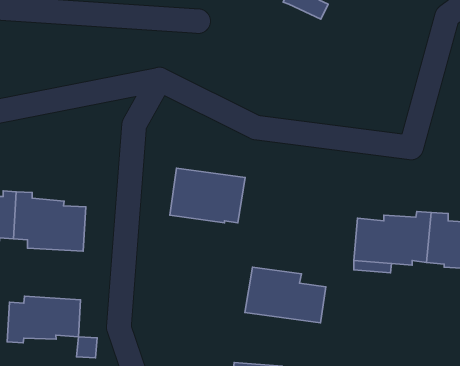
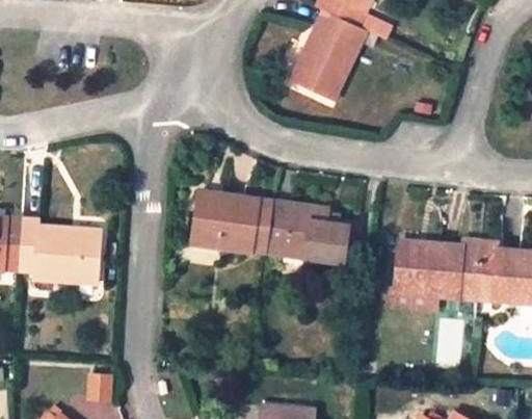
building: none -> [291,9,366,98]
building: [245,267,326,323] -> [266,201,355,262]
building: [7,296,80,343] -> none

